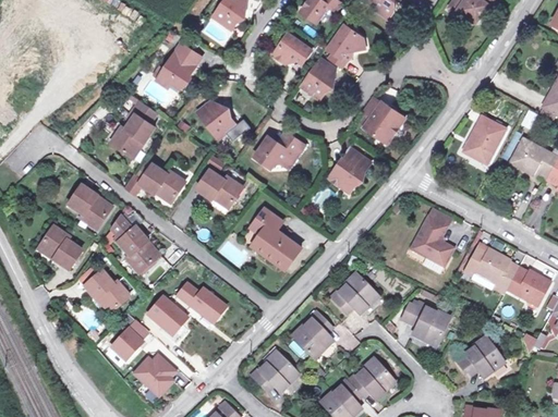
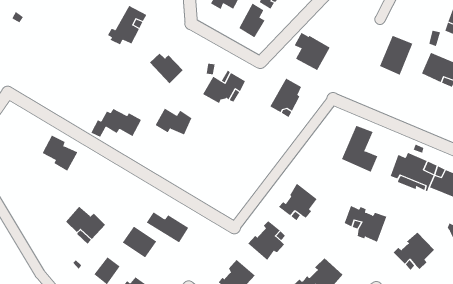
building: [110,100,156,156] -> none
building: [255,208,307,263] -> none
building: [107,210,156,269] -> none
building: [38,229,77,271] -> none

